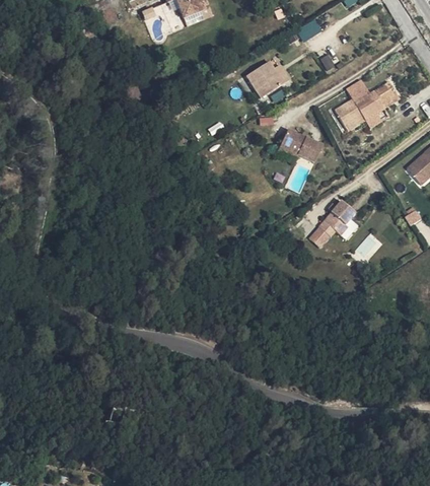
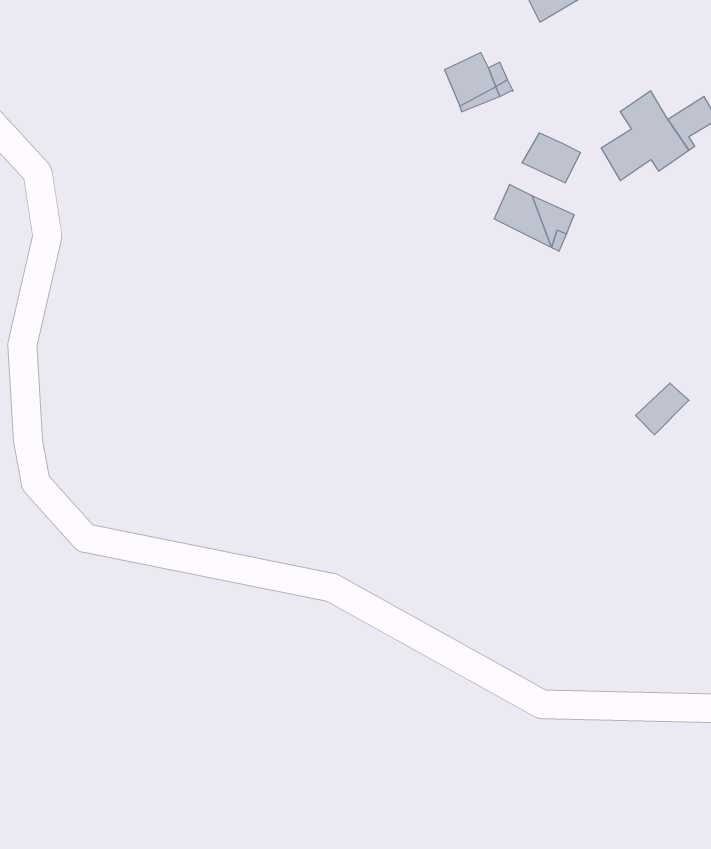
building: none -> [522,133,580,183]
building: [316,201,354,236] -> none

